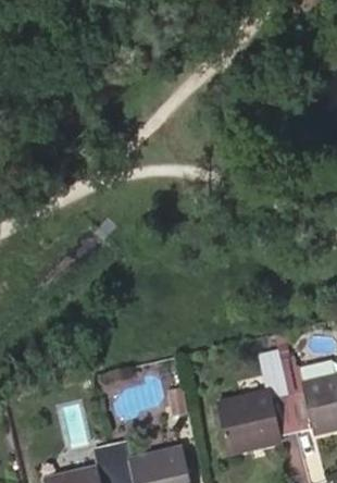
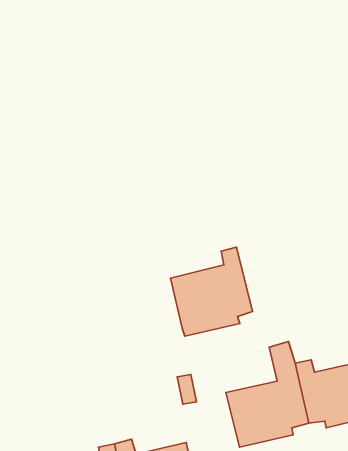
building: none -> [170,247,253,336]

